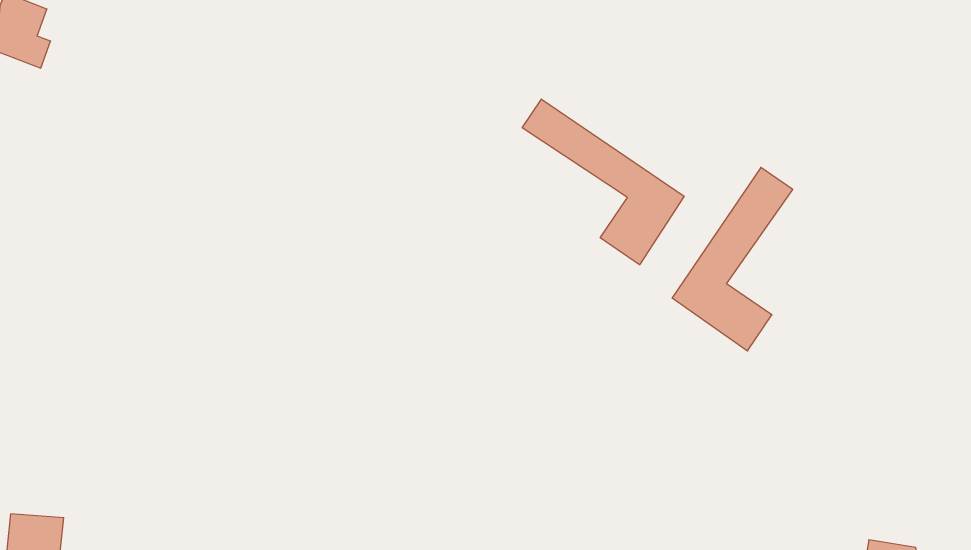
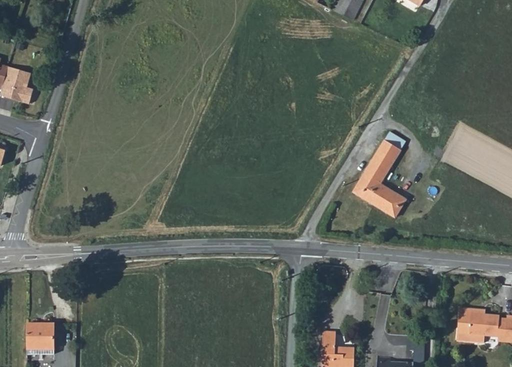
building: [522,99,684,265] -> none

